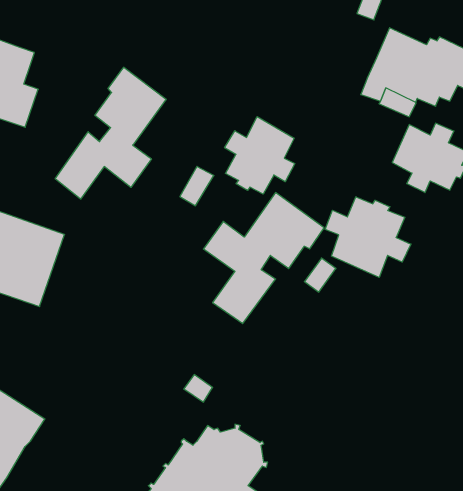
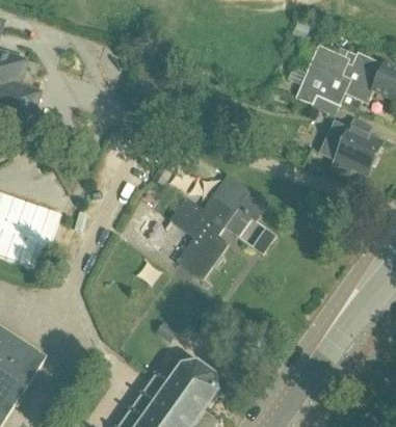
building: [55,67,166,199] -> none
building: [225,117,295,194] -> none
building: [325,197,411,277] -> none

